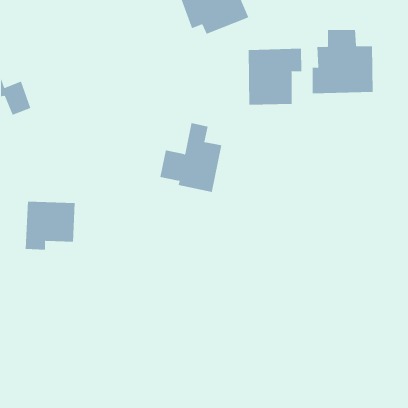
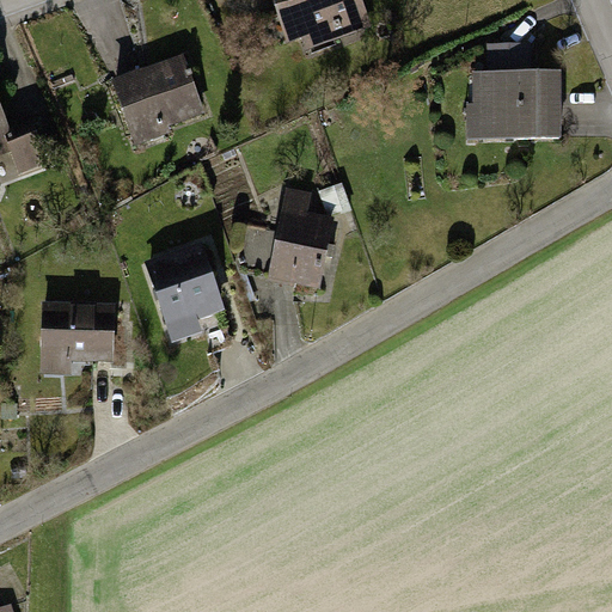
building: none -> [112,55,203,145]
building: [248,48,302,105] -> none
building: none -> [143,239,226,341]

